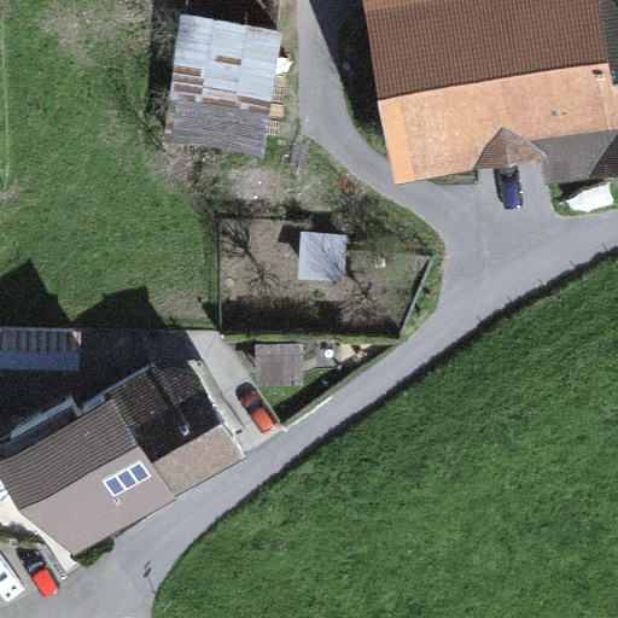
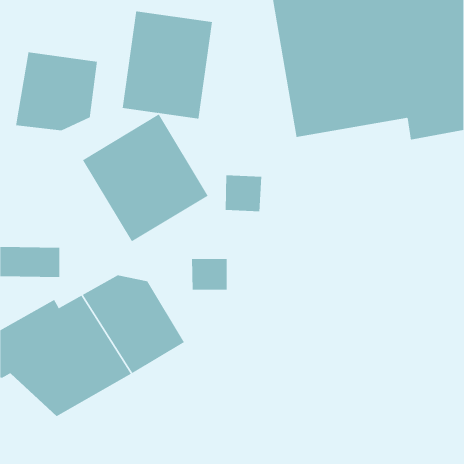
building: none -> [16,51,98,131]
building: none -> [82,113,209,242]

